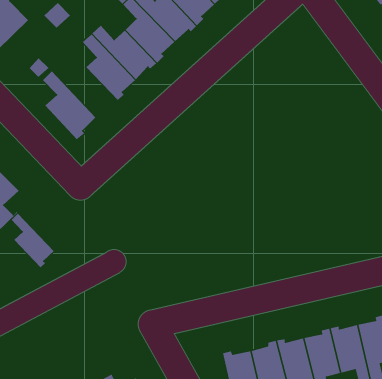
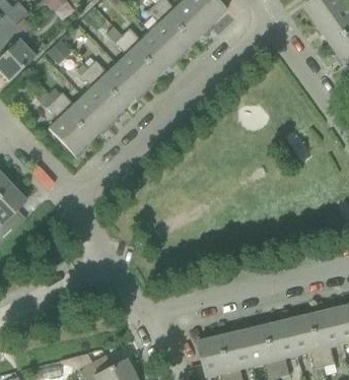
building: none -> [54,91,110,138]
building: [11,213,55,268] -> none

